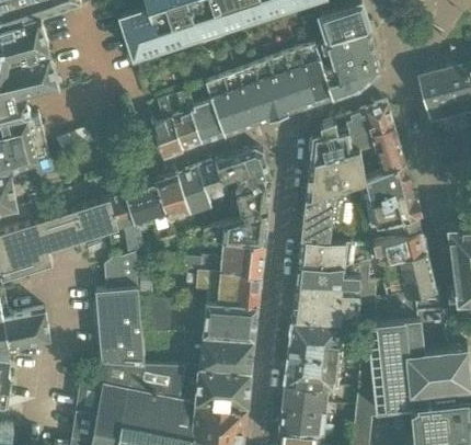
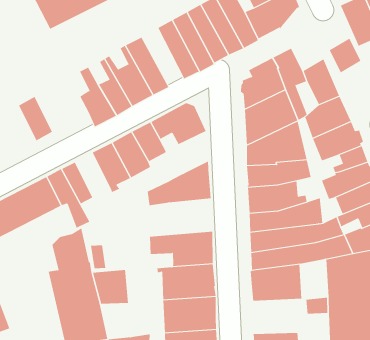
building: [221,72,255,132] -> none
building: [364,103,393,136] -> [329,38,361,73]
building: [229,180,269,220] -> none
building: [138,183,168,227] -> [18,96,53,141]
building: [182,243,264,277] -> none
building: [284,351,336,388] -> none

